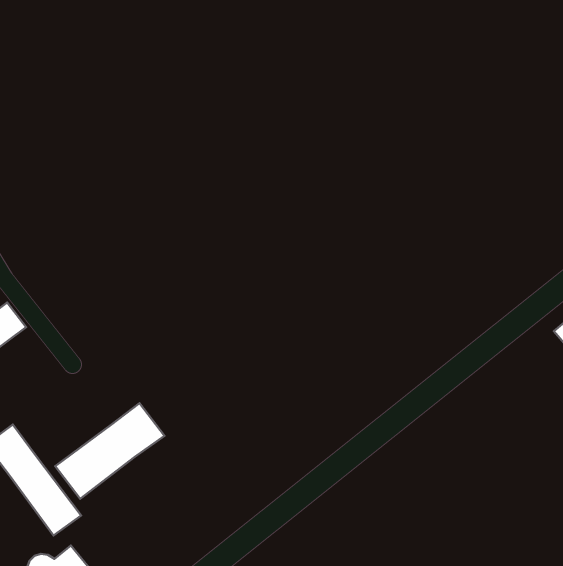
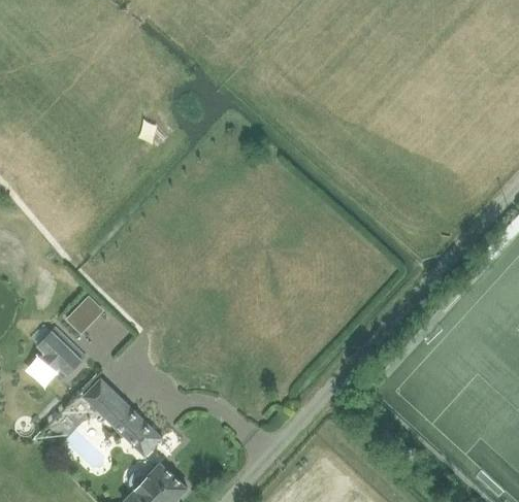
building: [55,403,164,499] -> none

